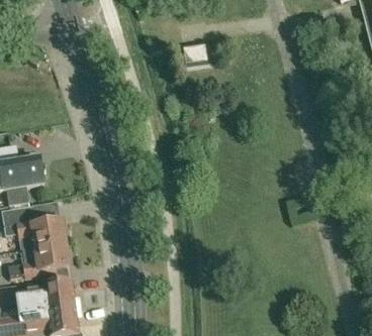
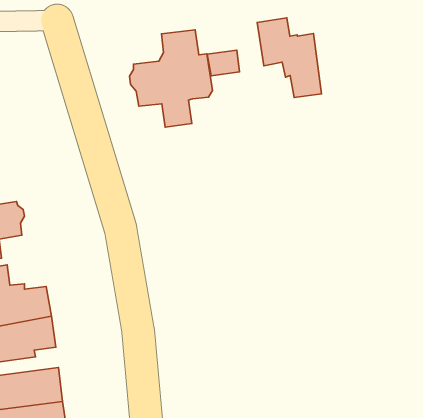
building: none -> [257,18,322,98]
building: none -> [130,30,212,127]

